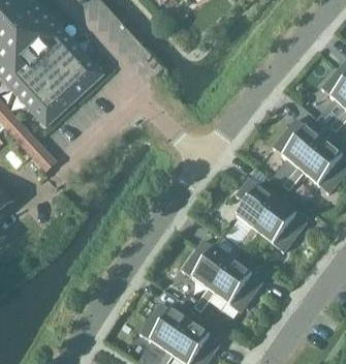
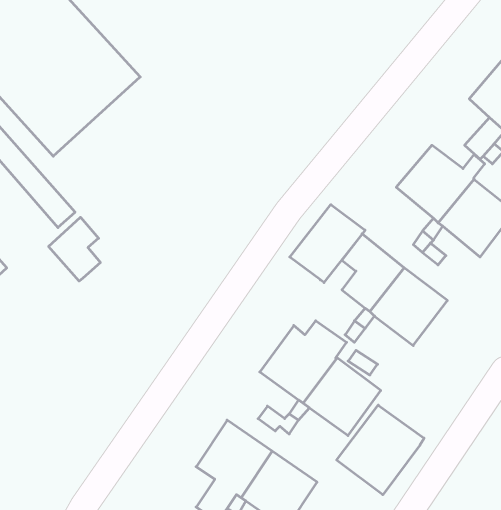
building: none -> [290,205,365,283]
building: none -> [49,217,100,281]
building: none -> [337,405,424,495]

